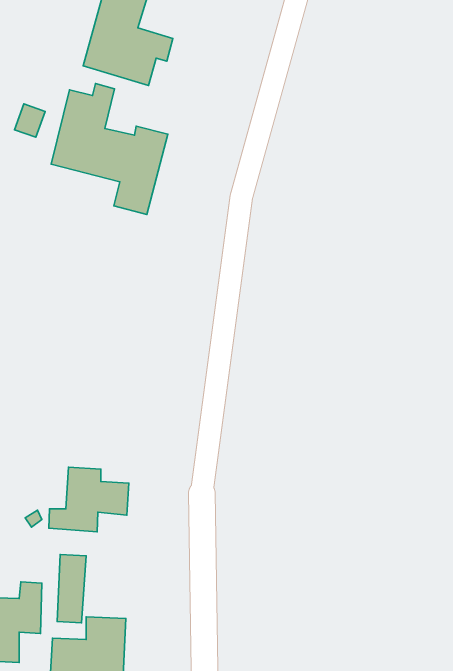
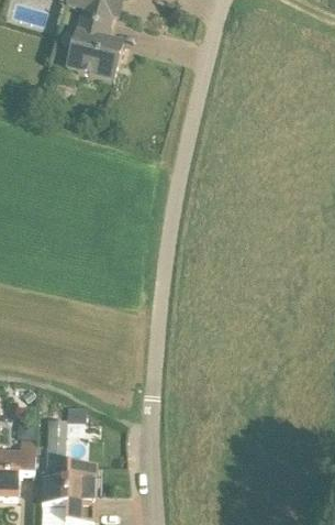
building: [51,84,168,215] -> none
building: [49,467,129,532] -> none

